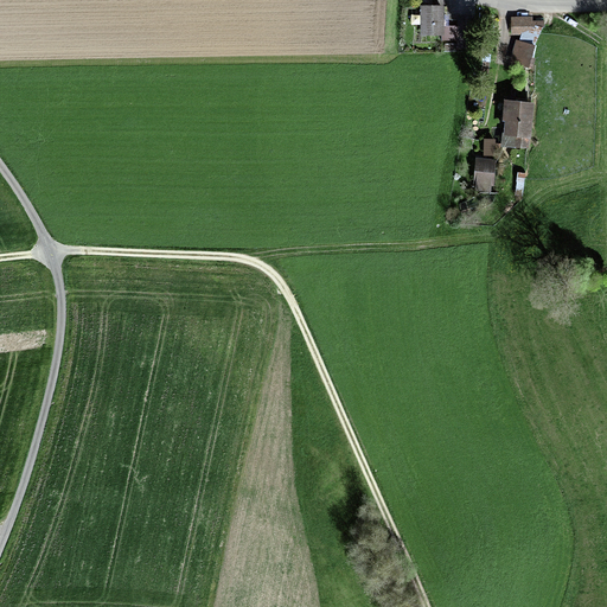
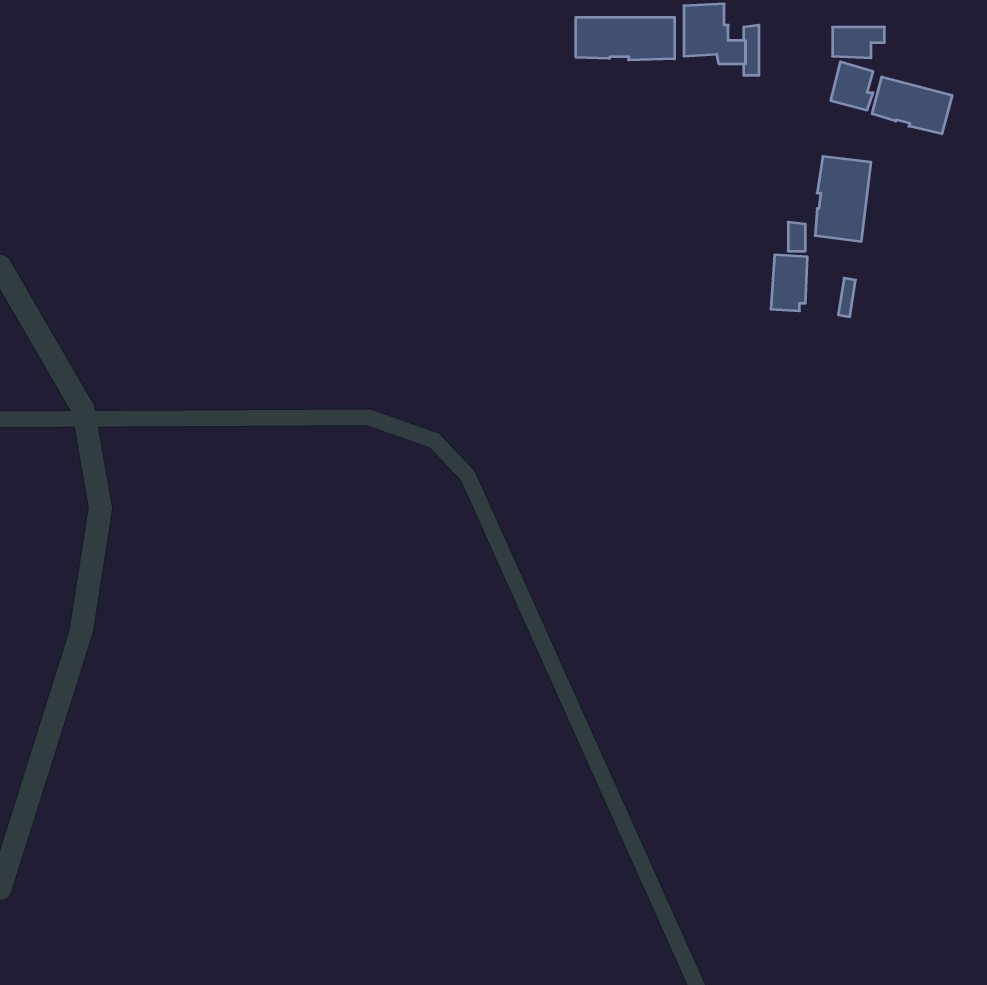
building: none -> [576,17,675,60]
building: none -> [872,77,952,134]

